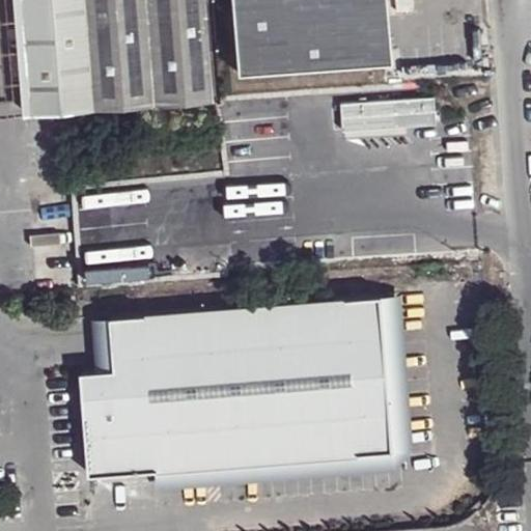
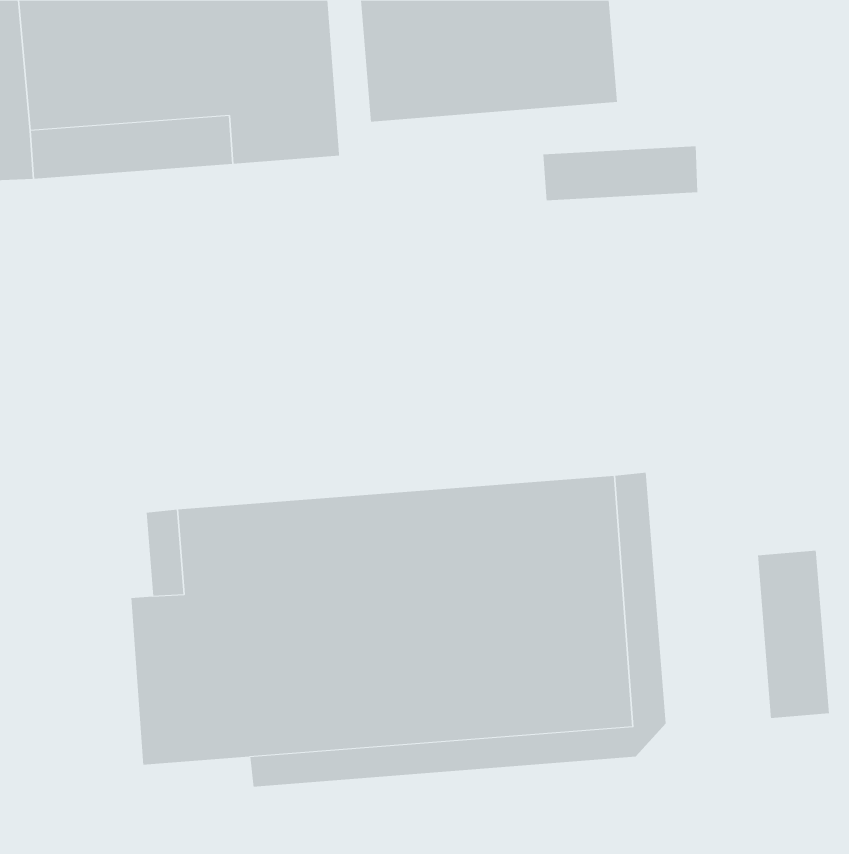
building: none -> [757,550,829,719]

